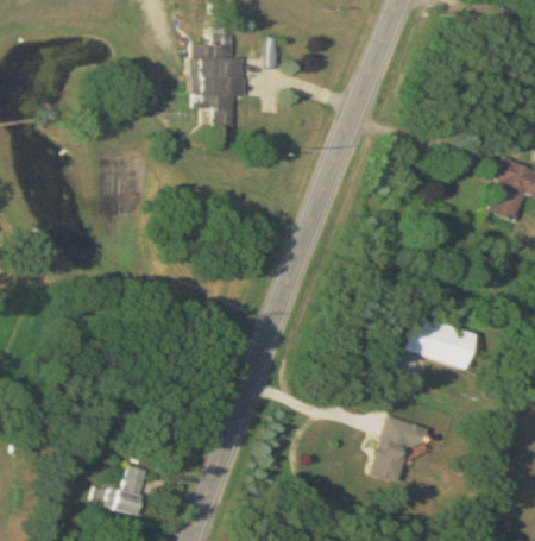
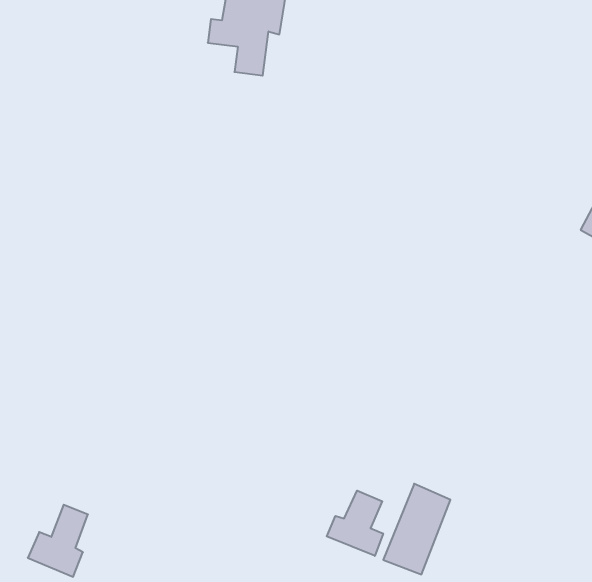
building: [403,315,473,369] -> none
building: none -> [327,491,383,556]

